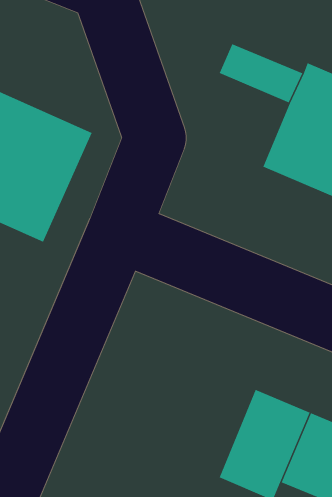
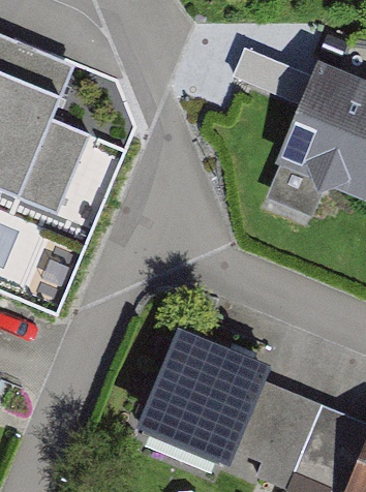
building: none -> [135,333,273,473]

